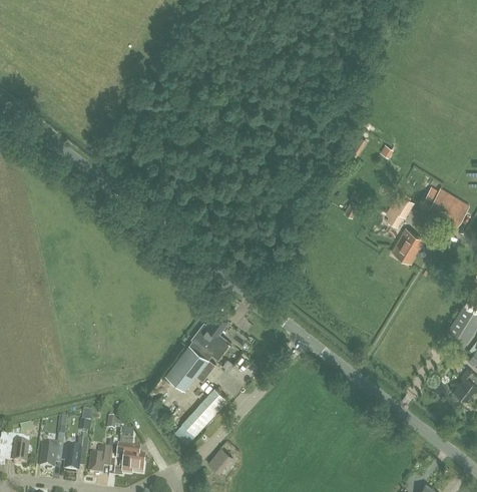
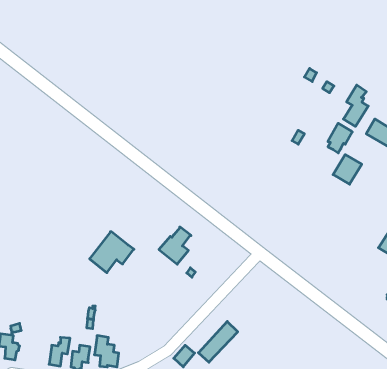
building: none -> [343,85,368,126]
building: [163,344,214,391] -> [90,232,134,273]
building: [181,388,226,435] -> [198,321,238,362]
building: [39,435,64,470] -> none

